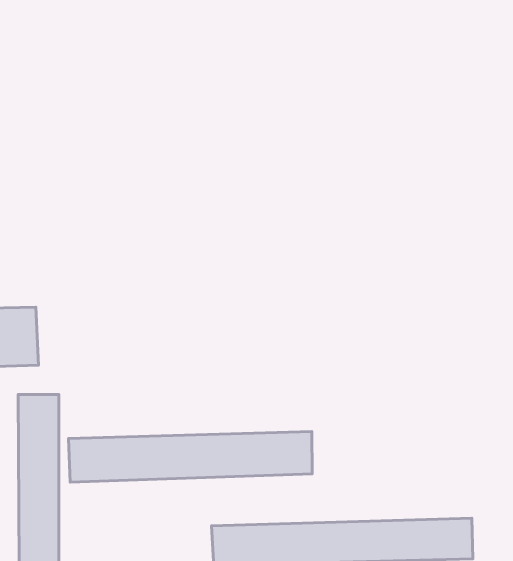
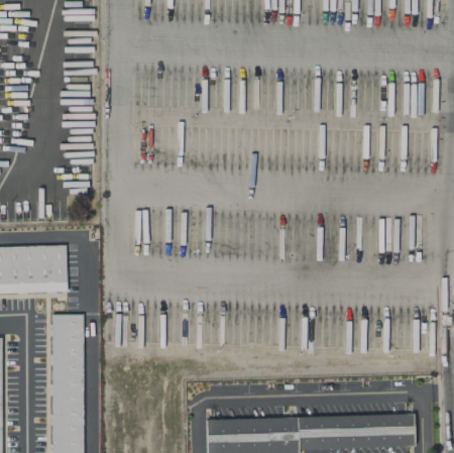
building: [69,431,312,482] -> none

